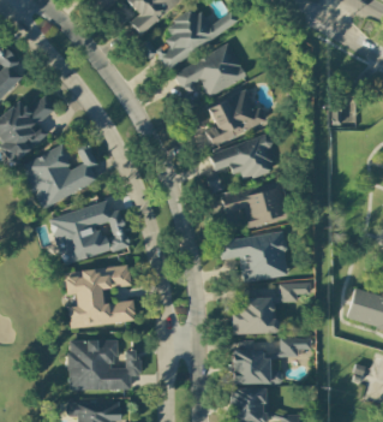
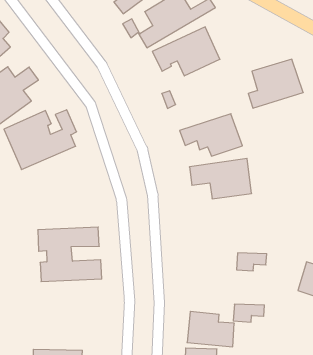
building: [205,90,264,145] -> [248,59,303,108]
building: [50,201,130,266] -> none
building: [220,233,289,283] -> none
building: [232,297,277,335] -> none
building: [68,340,139,391] -> none

